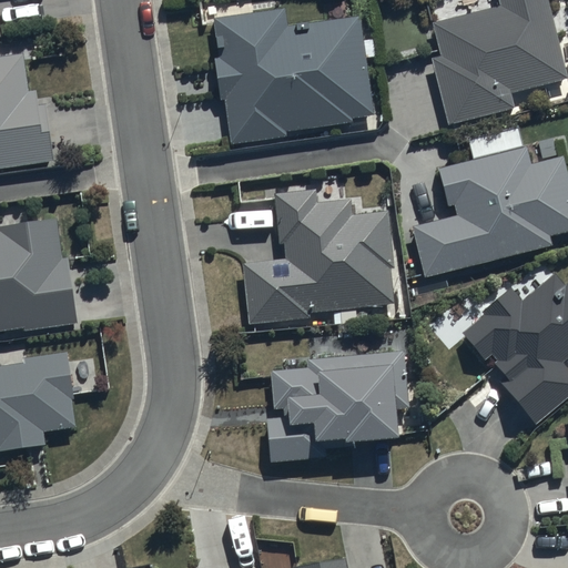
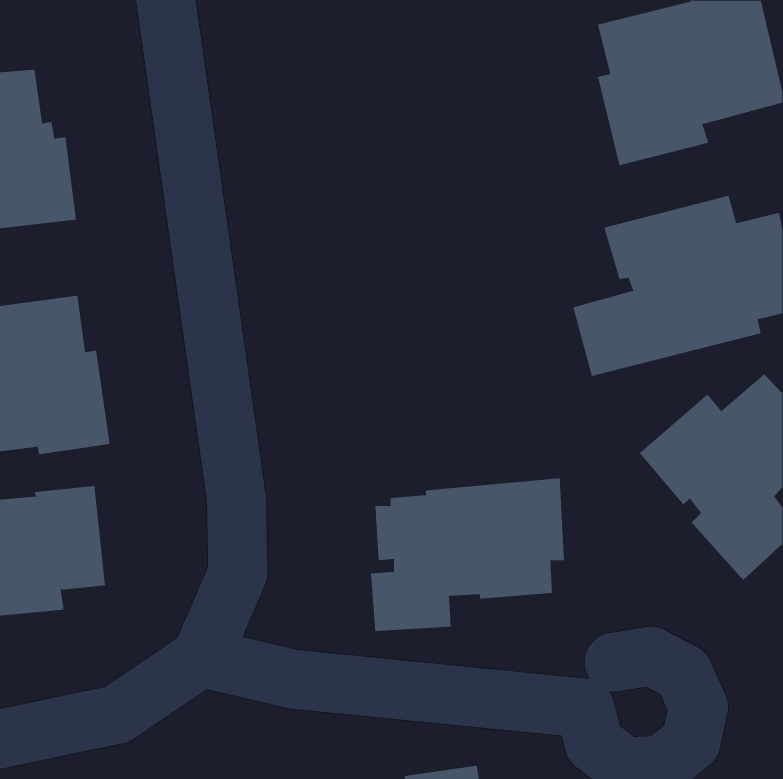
building: [214,11,375,143] -> none
building: [243,190,394,327] -> none

